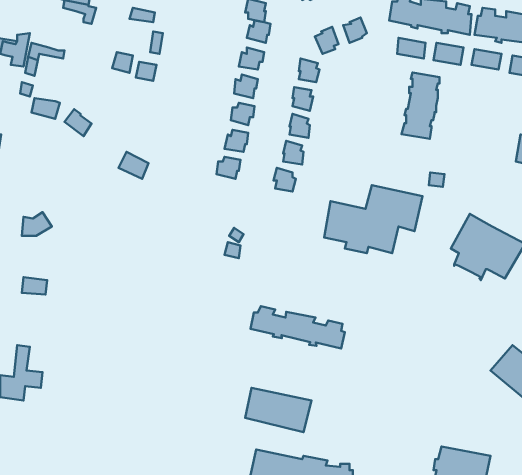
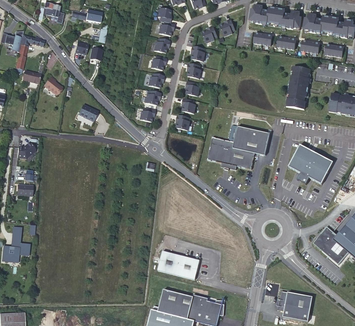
building: [401,73,439,139] -> [285,66,309,108]
building: [250,306,345,348] -> none

